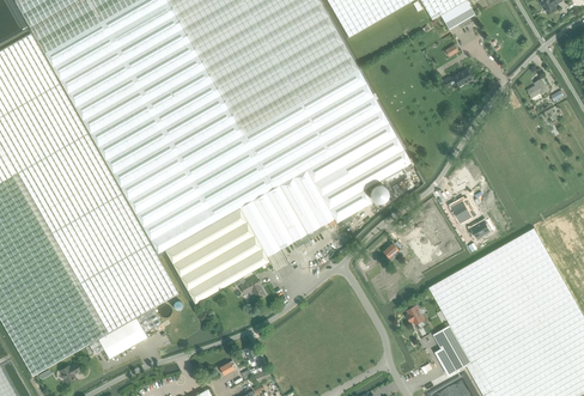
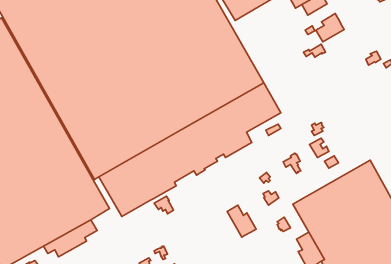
building: none -> [316,14,344,42]
building: none -> [227,205,256,237]

